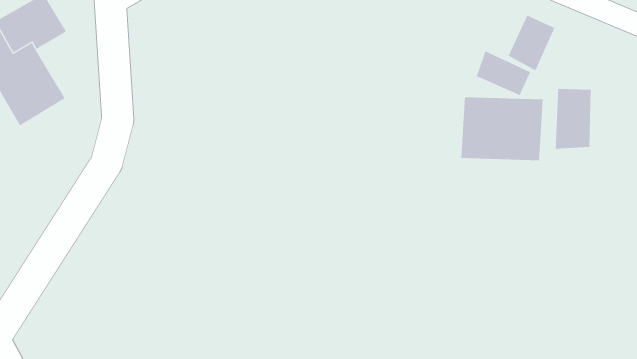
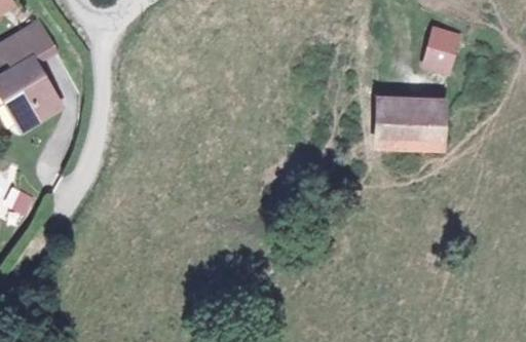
building: [476,51,531,96] -> none
building: [555,88,591,150] -> none

